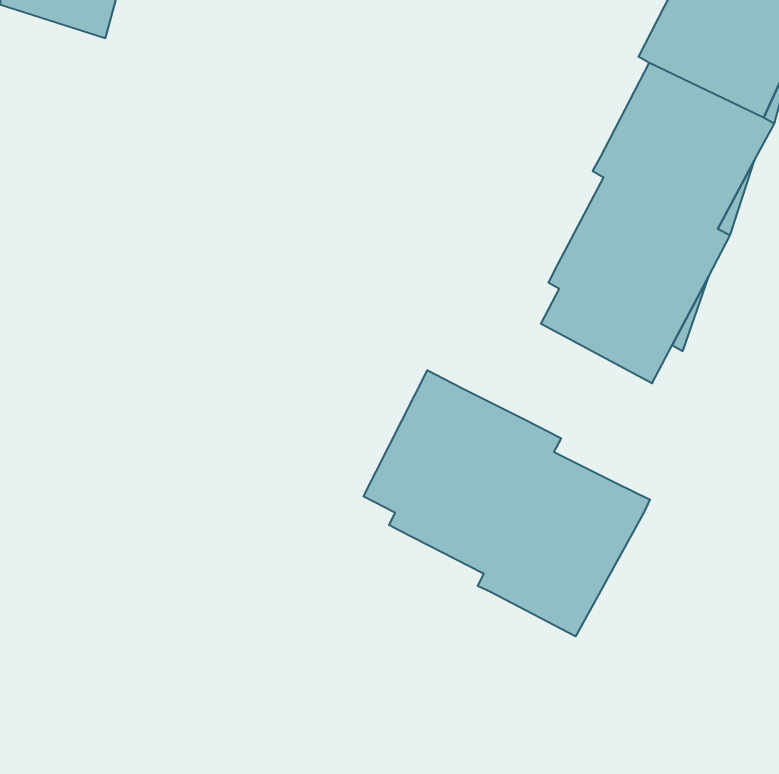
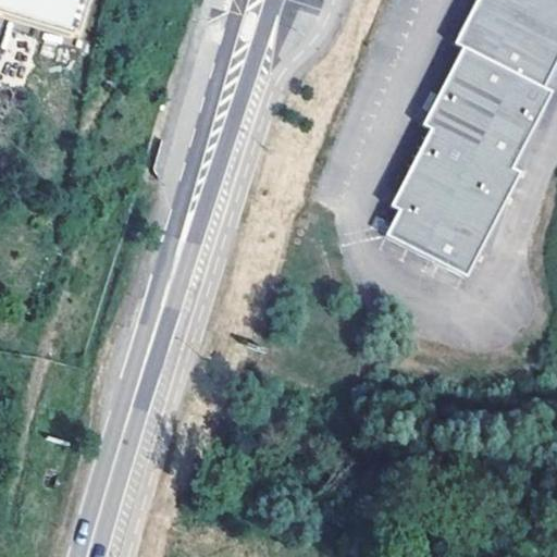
building: [363,370,650,636] -> none

